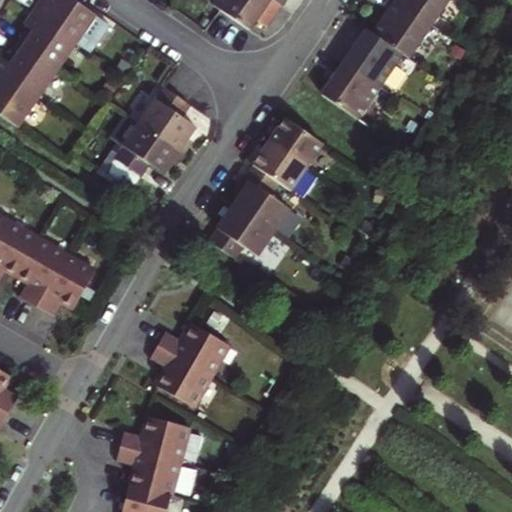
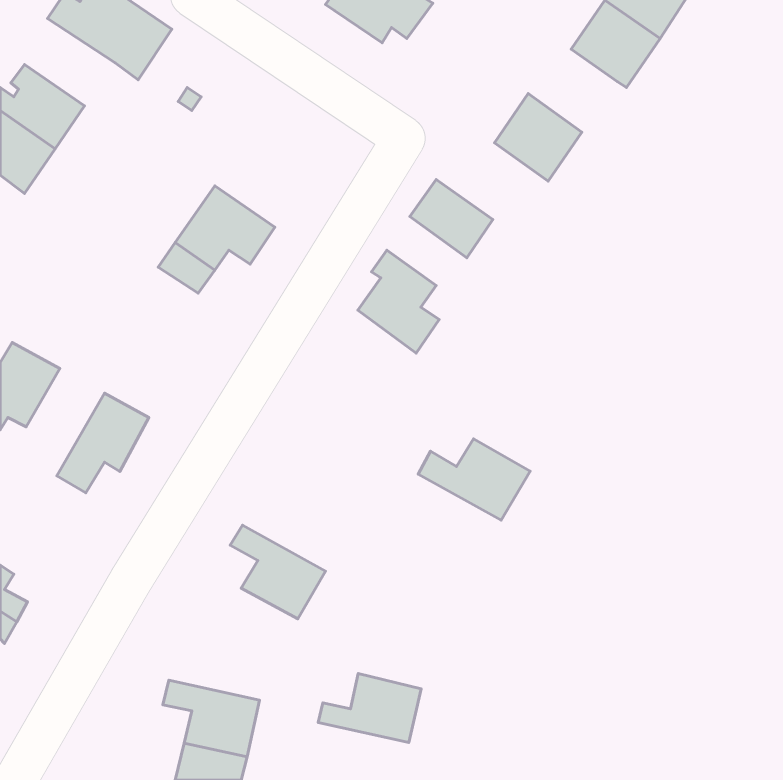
building: [17,12,76,69] -> none
building: [345,28,403,86] -> none
building: [141,86,196,148] -> none
building: [253,141,305,189] -> none
building: [208,202,272,258] -> none
building: [18,240,69,310] -> none
building: [159,319,232,372] -> [418,439,530,520]
building: [111,411,178,456] -> [318,674,421,743]

